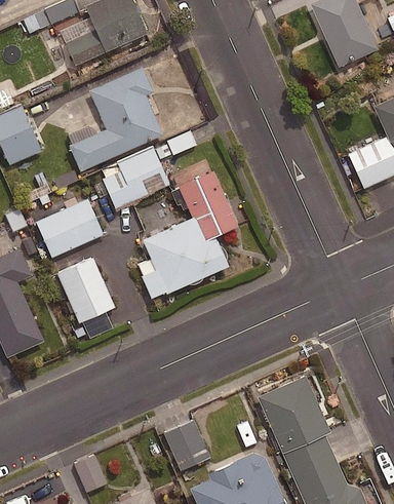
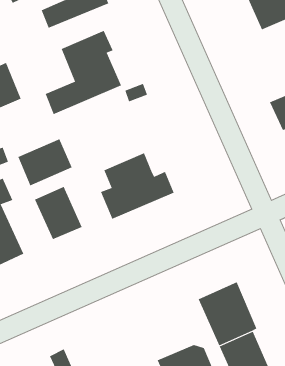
building: [102,147,170,209] -> none
building: [179,170,238,241] -> none
building: [164,422,208,471] -> none

